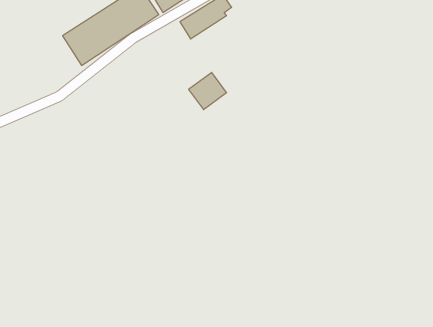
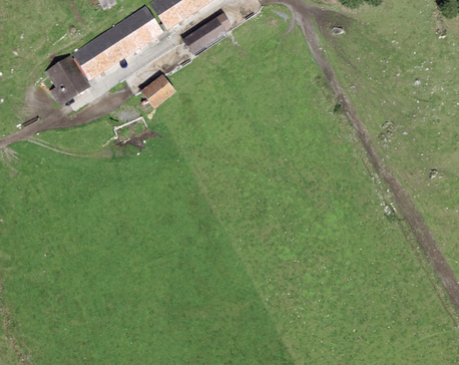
building: none -> [45,54,91,106]
building: [189,72,227,110] -> [140,75,176,110]

